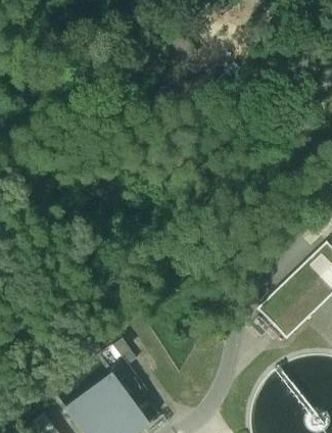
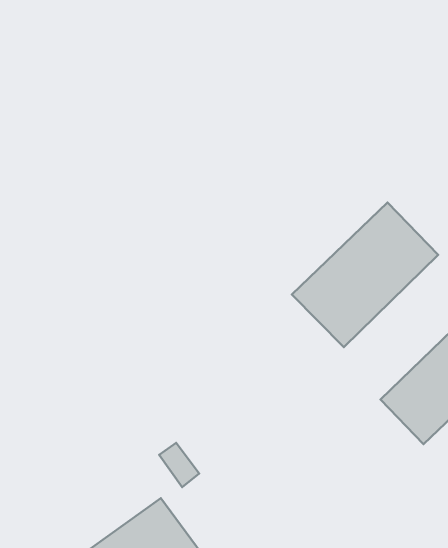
building: none -> [292,203,438,347]

